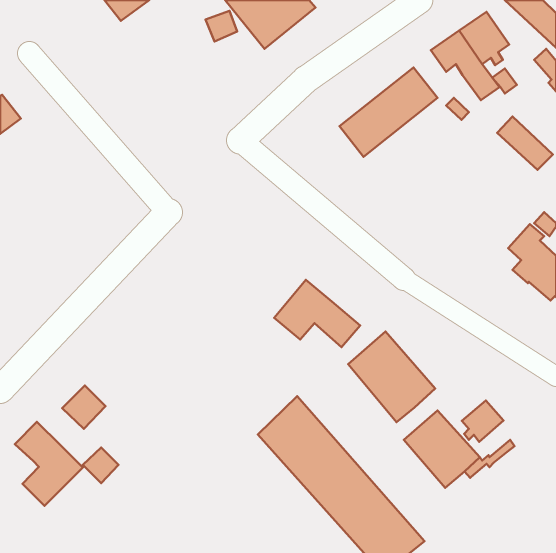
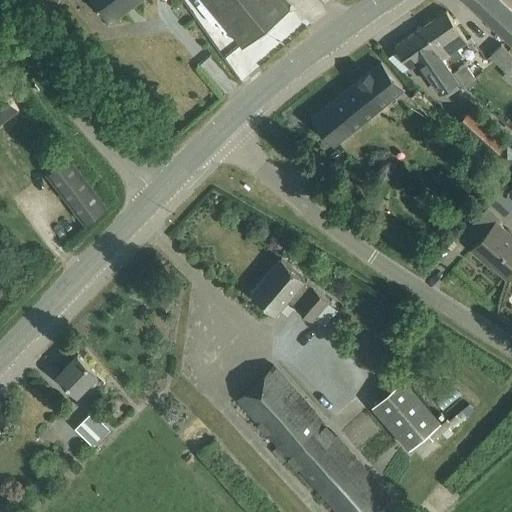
building: none -> [47,157,107,225]
building: [348,332,435,422] -> none
building: [462,400,503,442] -> none
building: [15,422,83,506] -> none

